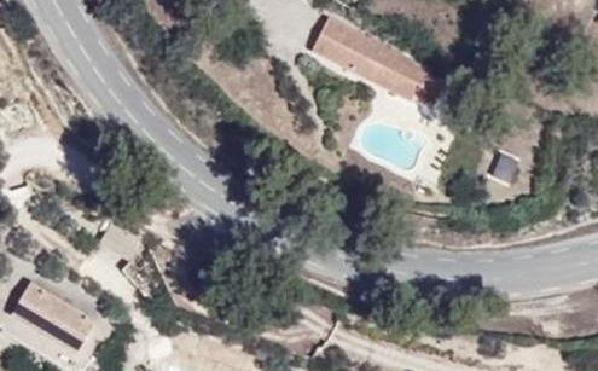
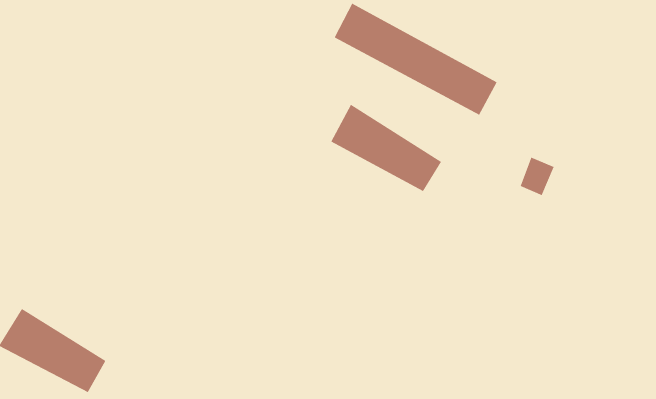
building: none -> [331,104,442,192]

